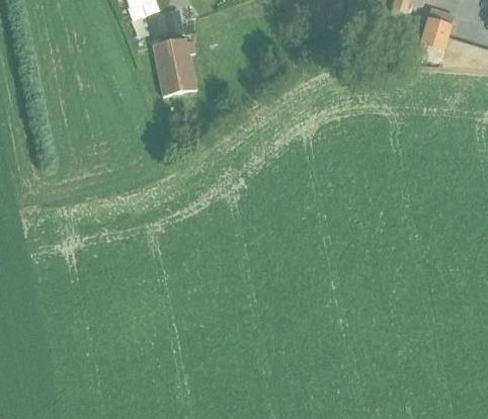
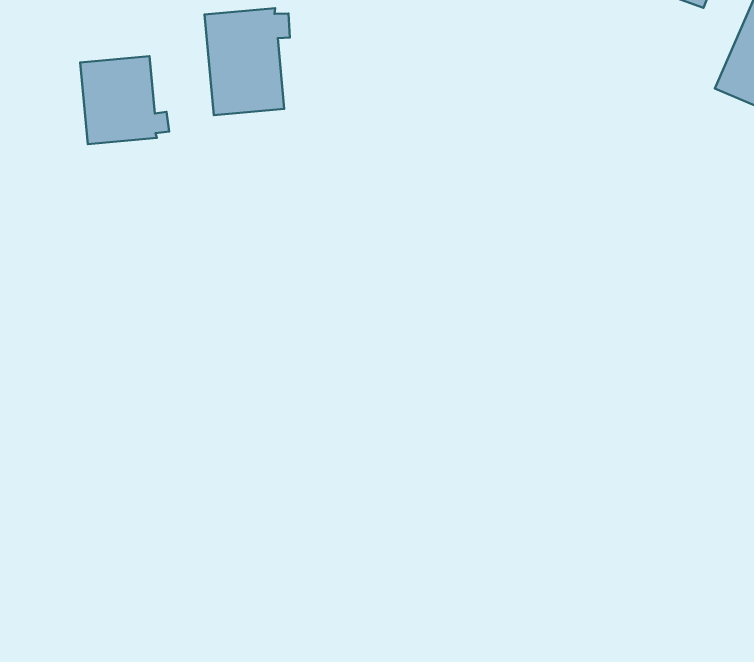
building: none -> [80,56,169,144]

